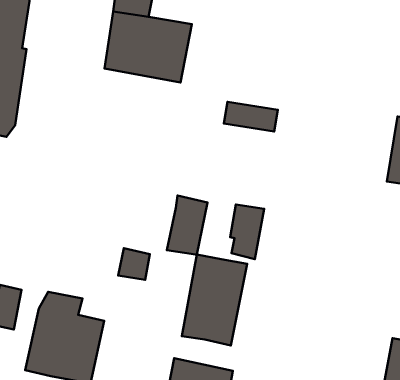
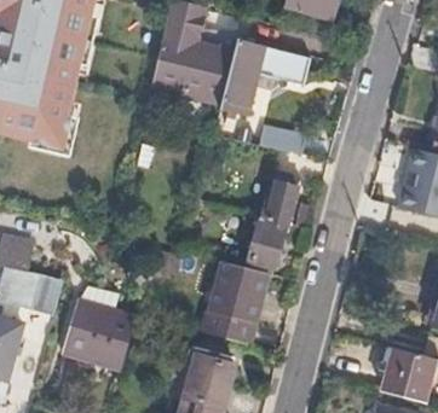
building: none -> [219,40,310,112]
building: [167,196,207,255] -> [260,169,300,223]

